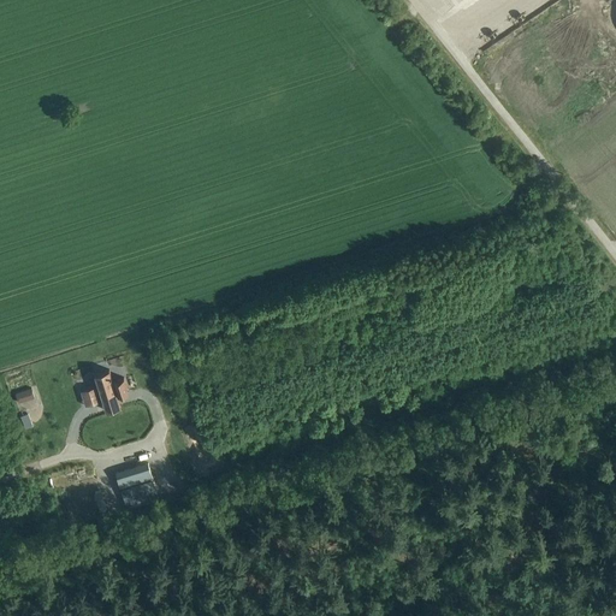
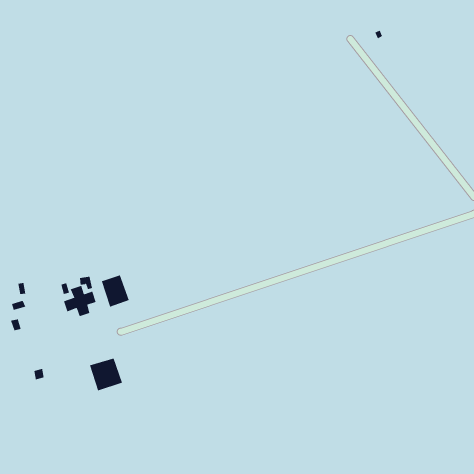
building: none -> [101,274,130,307]

